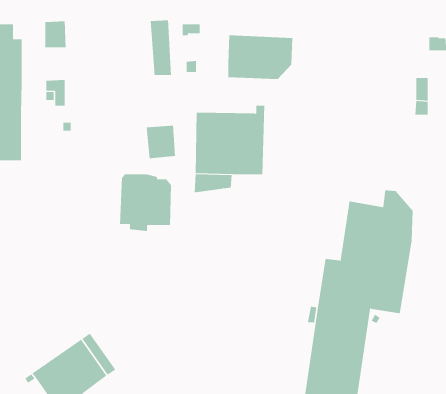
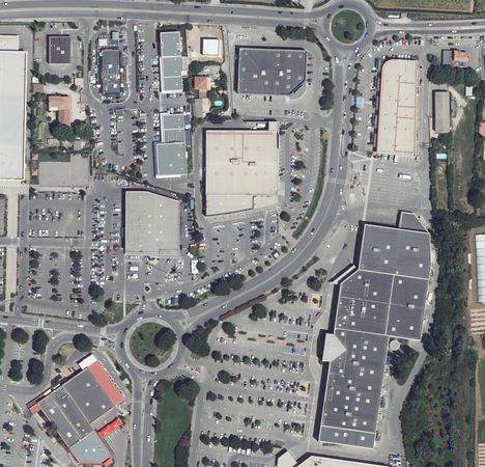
building: none -> [101,51,119,94]
building: none -> [375,59,416,157]
building: none -> [162,115,183,145]

